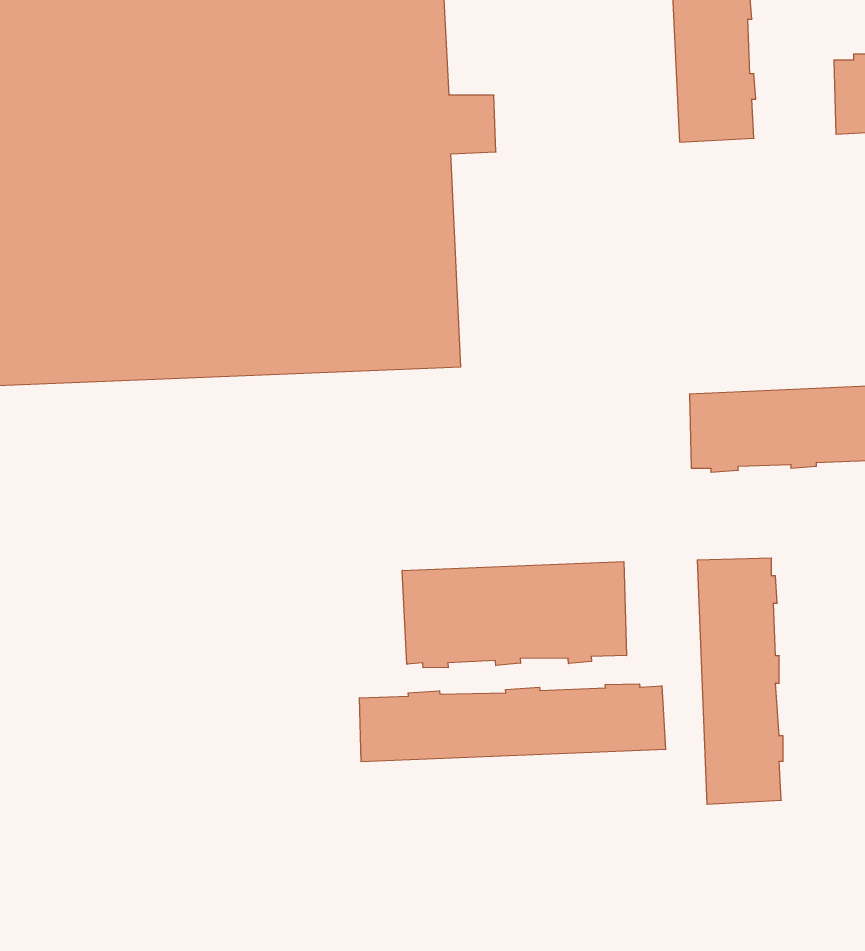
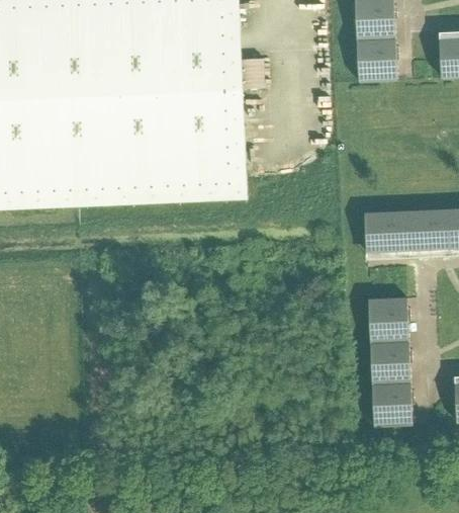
building: [402,562,627,668] -> none
building: [360,684,665,762] -> none

